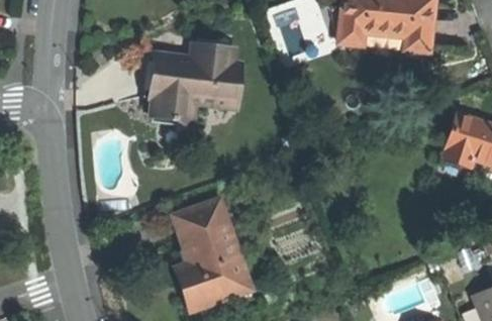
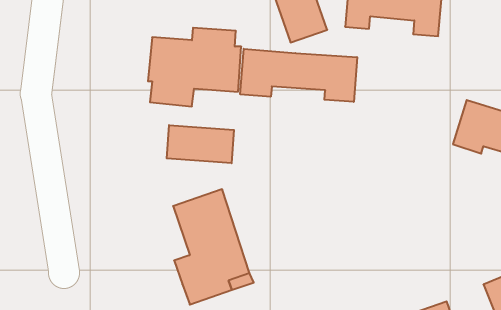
building: none -> [240,49,357,102]
building: none -> [167,125,234,163]

